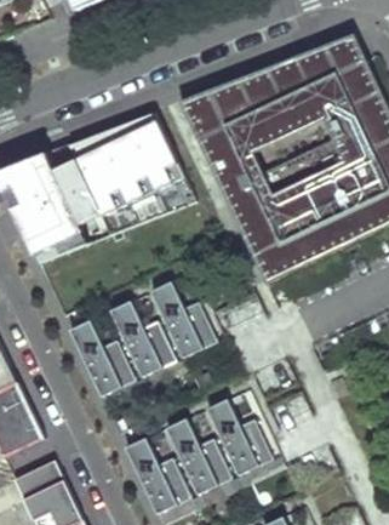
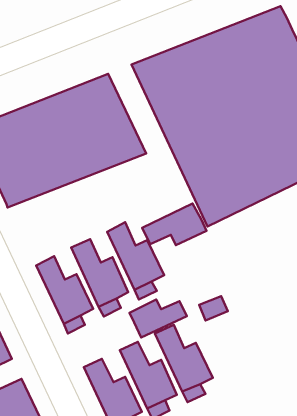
building: none -> [142,203,207,245]
building: none -> [129,300,187,338]

